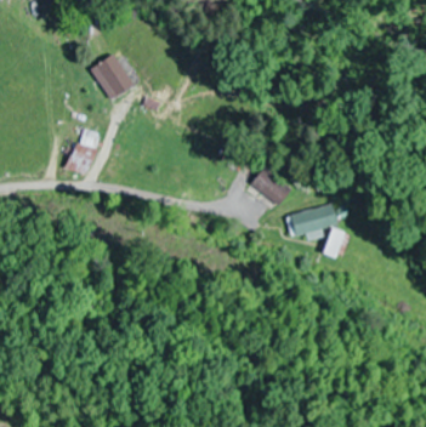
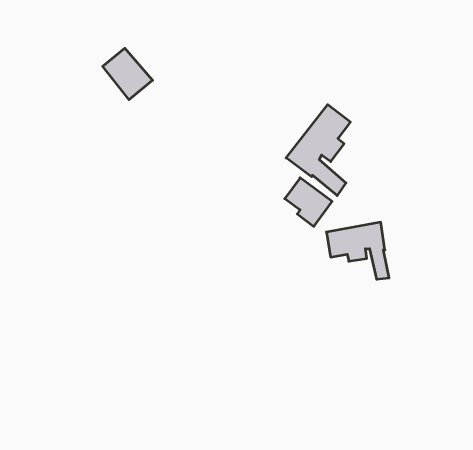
building: none -> [286,105,350,196]
building: [66,132,101,175] -> none

